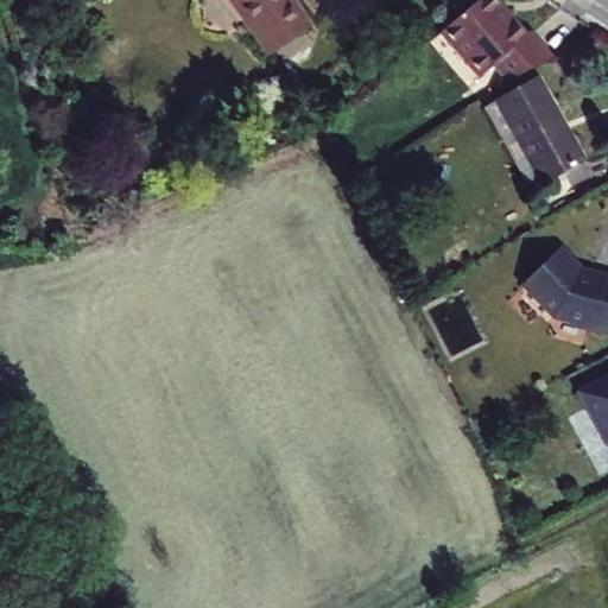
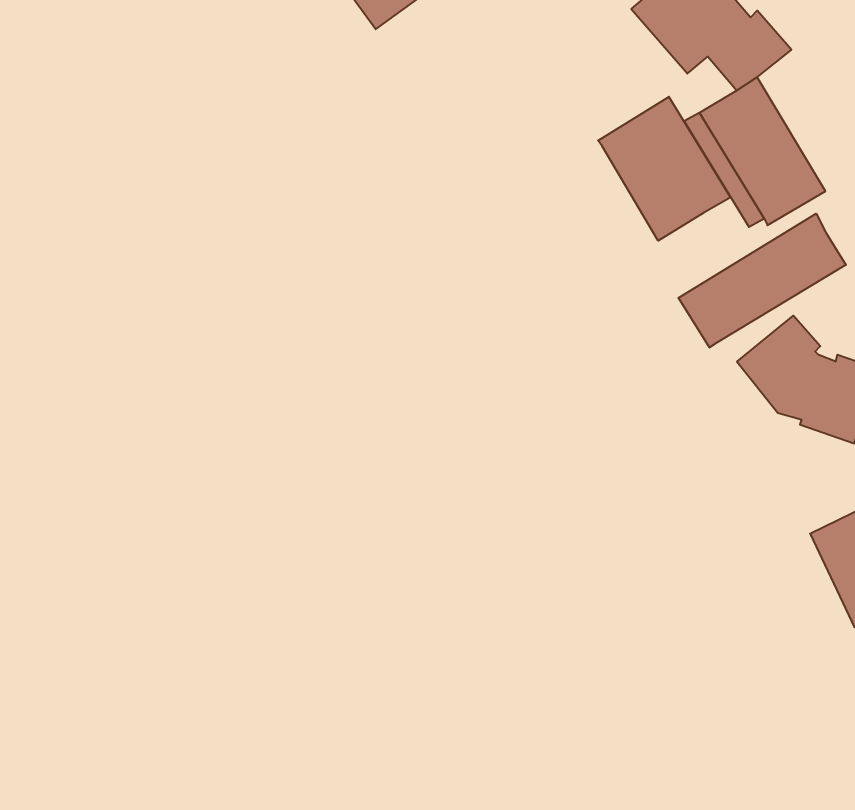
building: none -> [598,97,731,241]
building: none -> [678,214,846,348]

